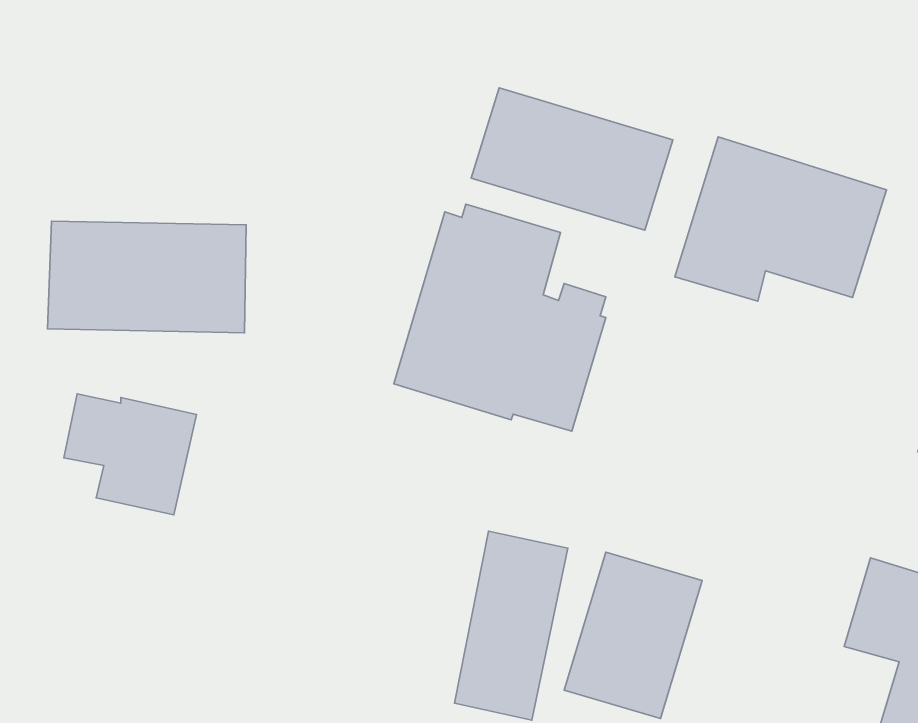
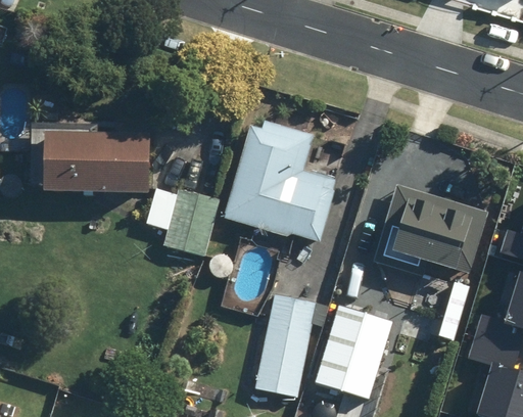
building: [471,88,673,230] -> none
building: [675,137,887,301] -> [372,184,486,273]
building: [64,394,196,515] -> [146,189,218,254]

